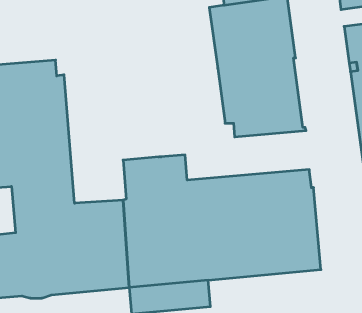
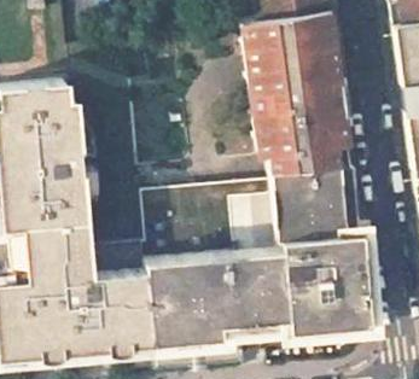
building: none -> [215,164,357,221]

